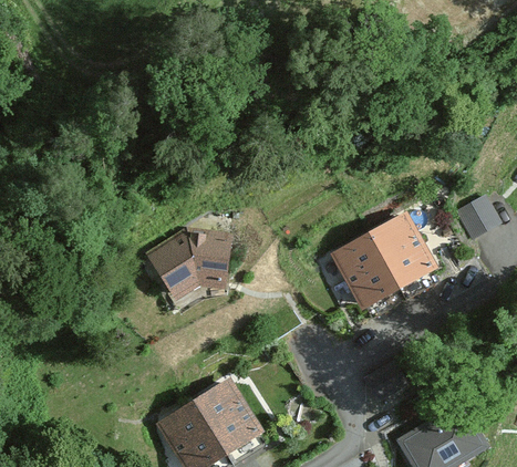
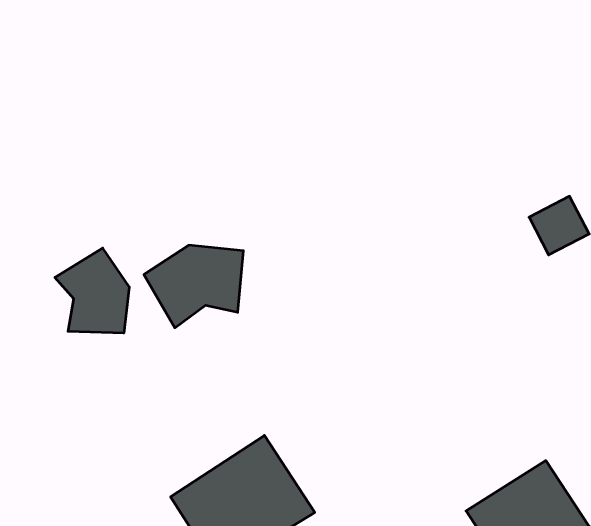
building: [329,218,425,307] -> none
building: none -> [55,248,129,333]

